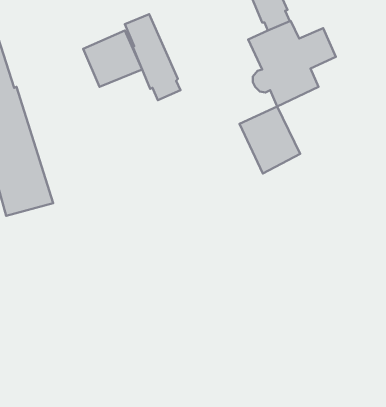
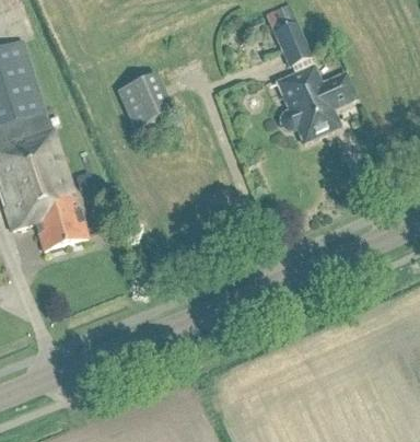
building: [125,14,180,100] -> none
building: [239,106,300,173] -> none

